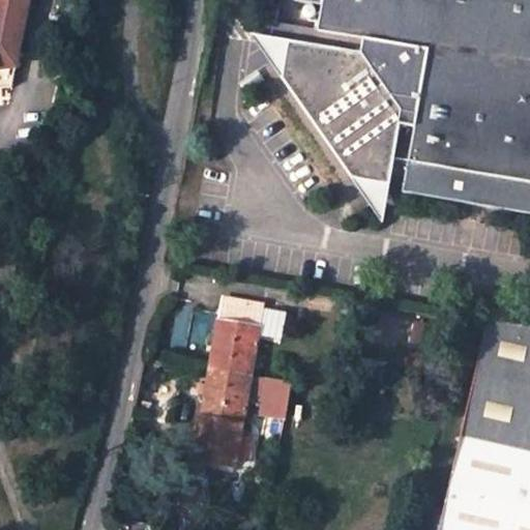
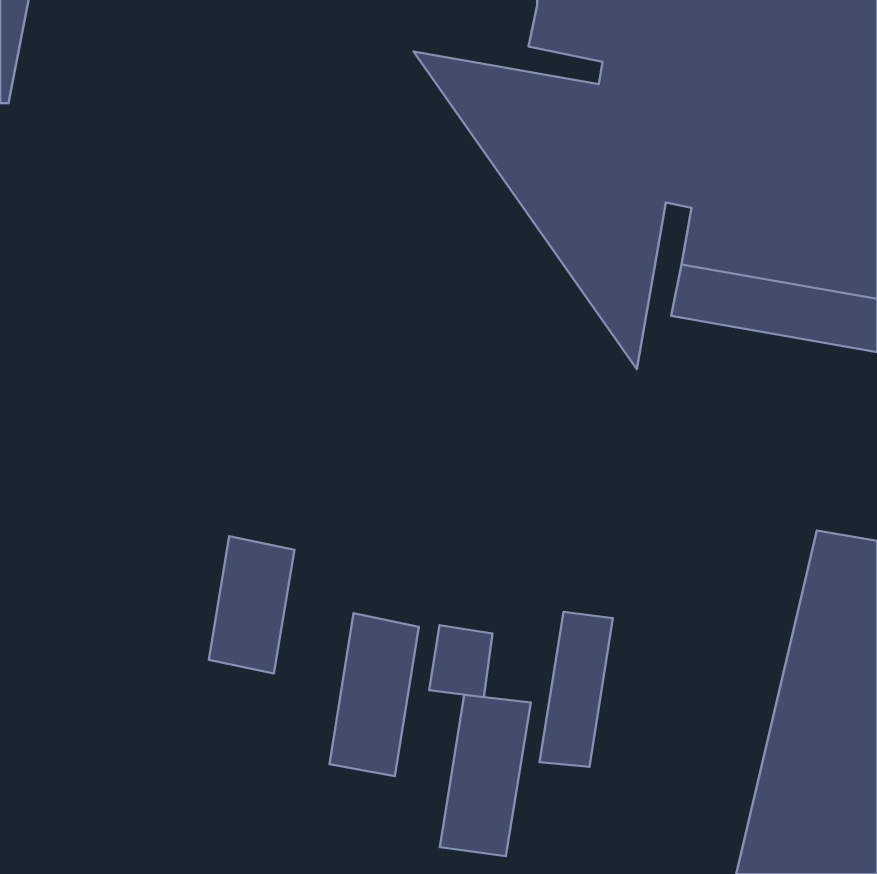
building: [213,295,265,378] -> [209,536,295,674]
building: none -> [540,612,613,767]
building: none -> [440,695,531,856]

